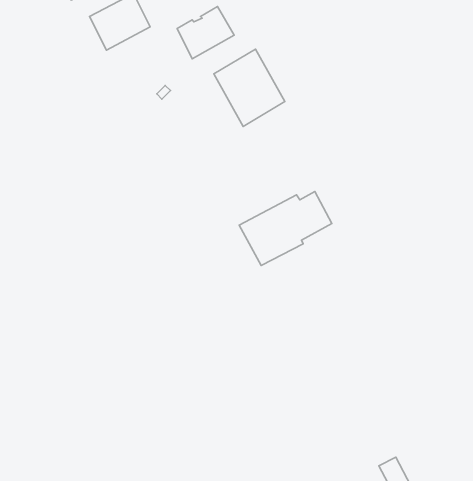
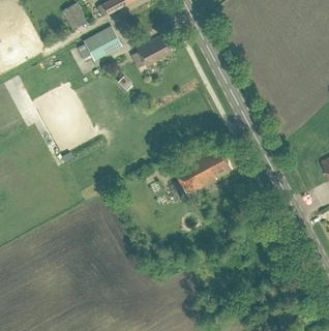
building: [214,49,285,126] -> none

